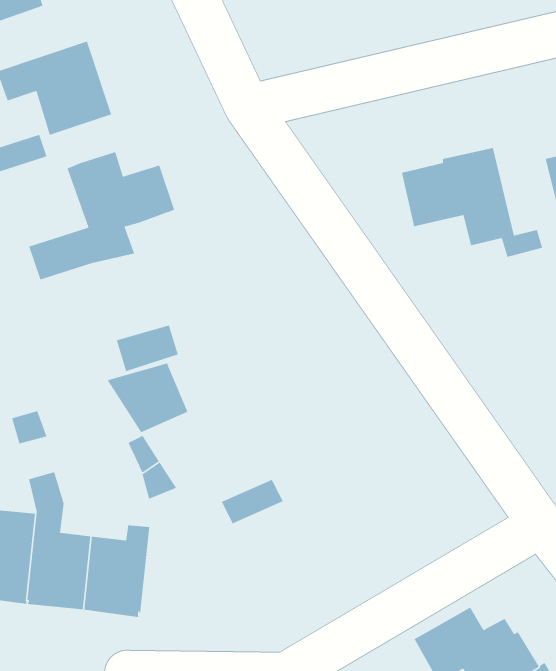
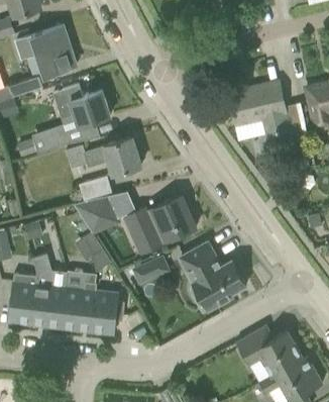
building: none -> [66,136,141,175]
building: none -> [123,194,196,254]
building: none -> [181,241,246,310]
building: none -> [91,291,124,333]

